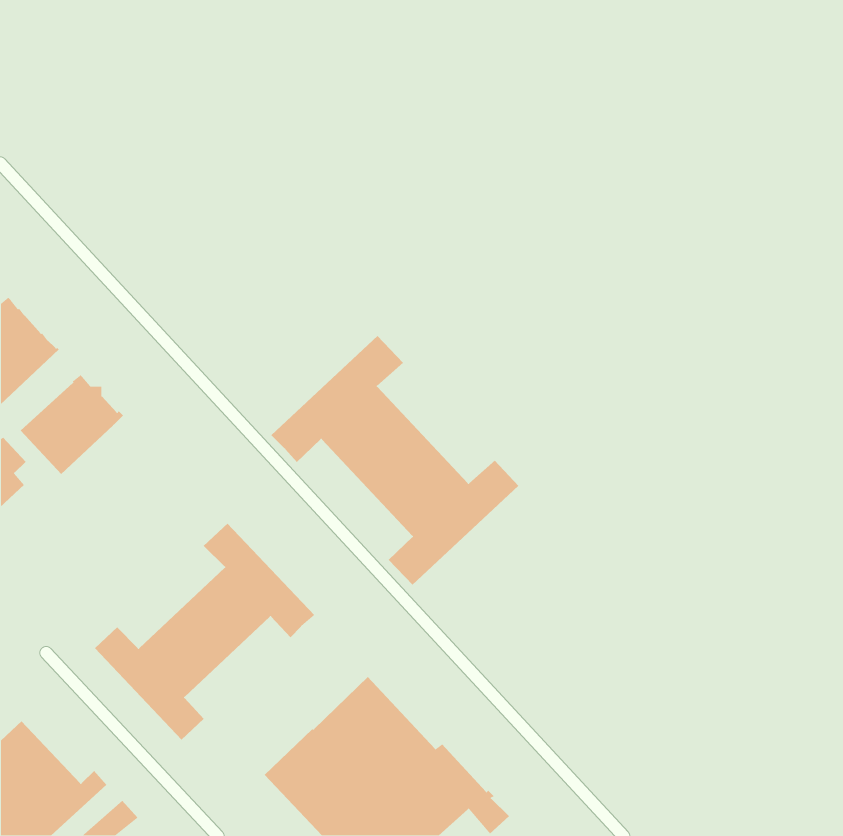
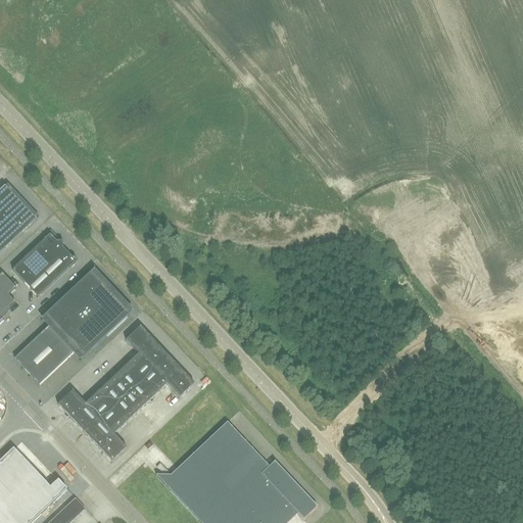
building: [270,335,519,586] -> none
building: none -> [15,269,131,382]

